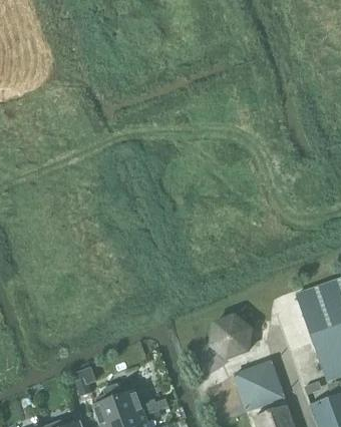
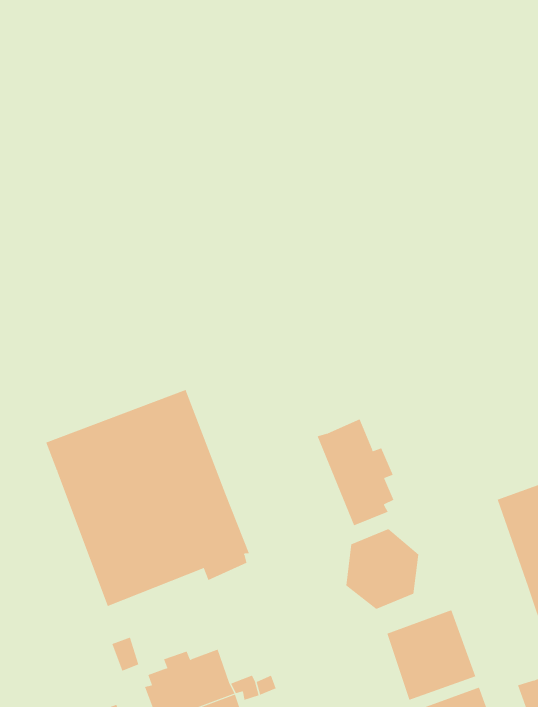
building: none -> [46,389,250,607]
building: none -> [317,419,394,526]

